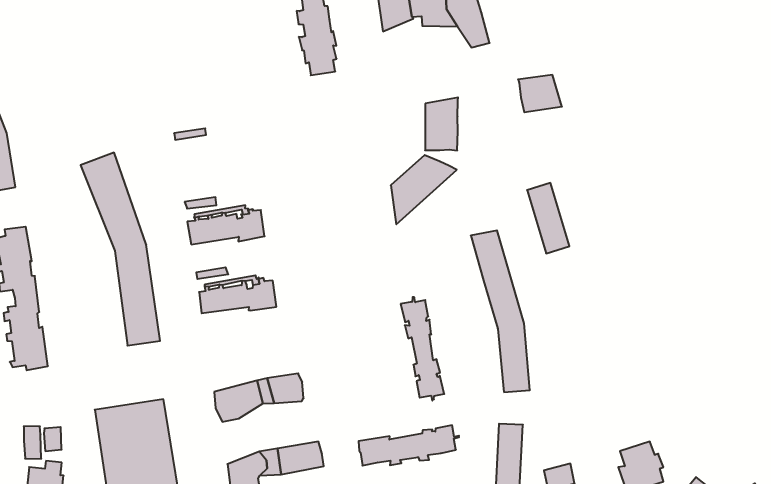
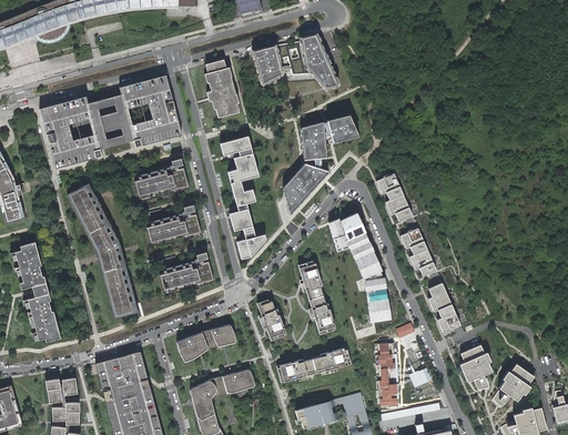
building: none -> [42,77,181,168]
building: [518,75,562,112] -> [326,114,358,142]
building: none -> [223,135,258,182]
building: none -> [133,166,187,195]
building: none -> [229,185,265,257]
building: none -> [327,215,354,251]
building: none -> [402,227,436,277]
building: none -> [260,301,285,337]
building: none -> [426,283,459,331]

